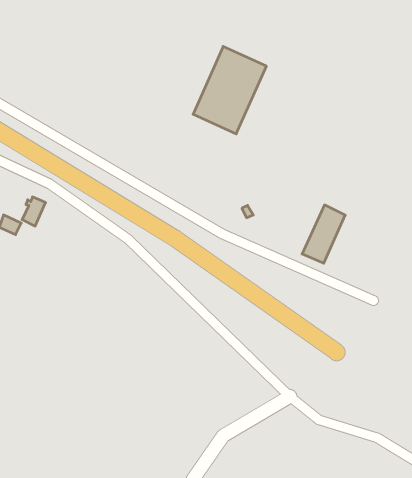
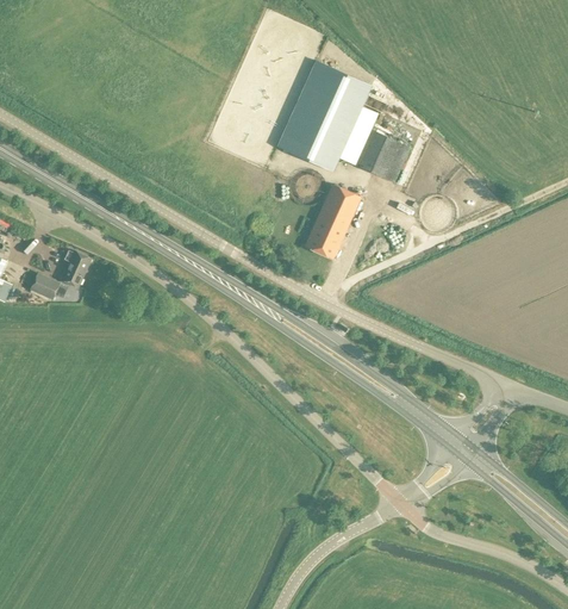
building: none -> [355,129,410,182]
building: [302,205,345,263] -> [305,184,360,257]

